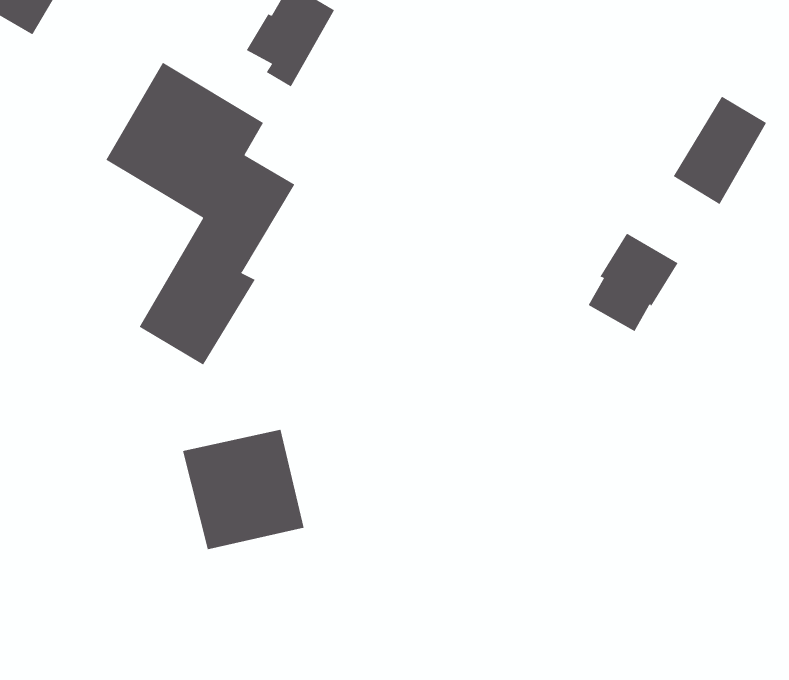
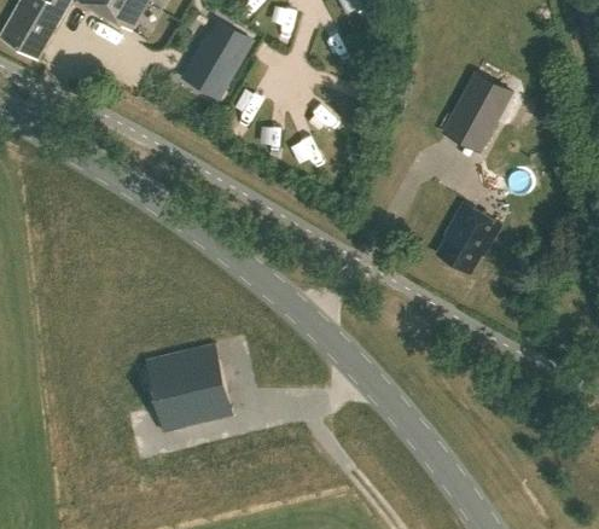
building: [105,62,295,365] -> none
building: [673,96,767,205] -> [443,74,511,152]

